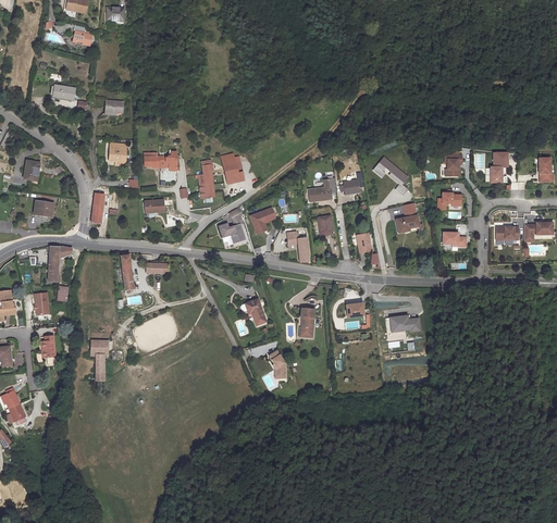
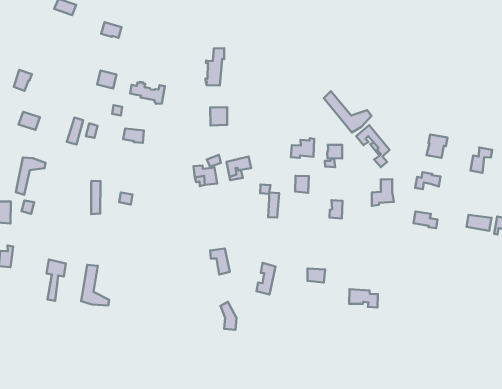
building: none -> [324,91,371,133]
building: [196,159,213,198] -> [205,48,224,85]
building: none -> [81,265,109,305]

